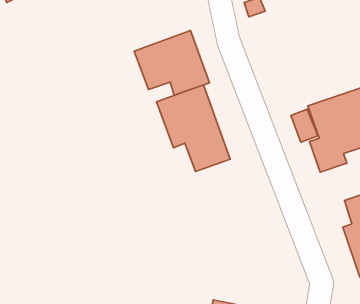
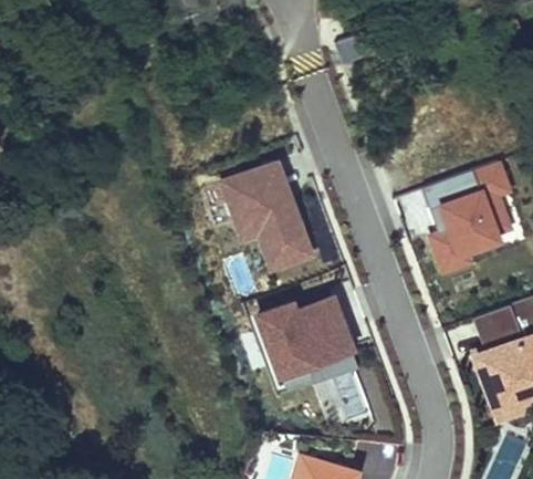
building: [134,31,209,95] -> none
building: none -> [253,290,374,423]

